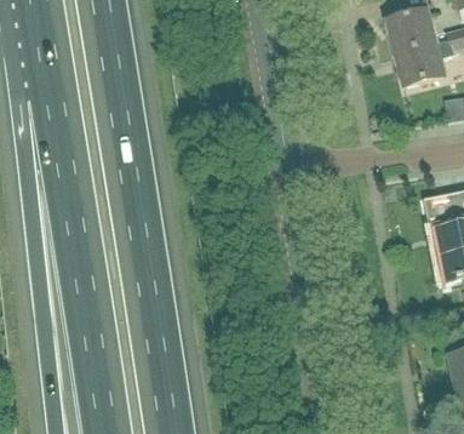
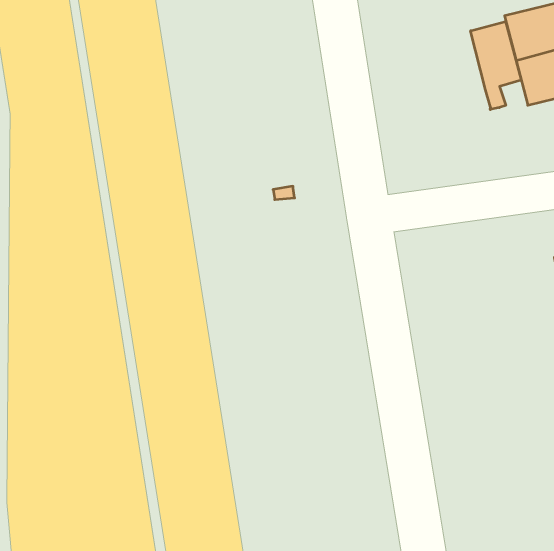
building: none -> [471,22,521,110]

